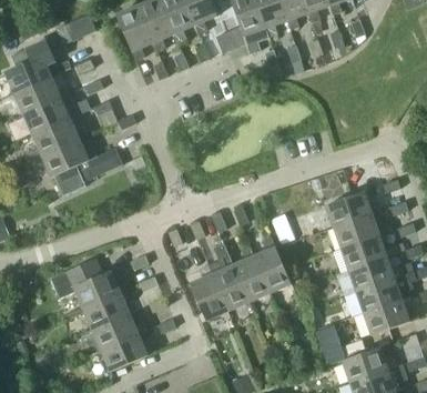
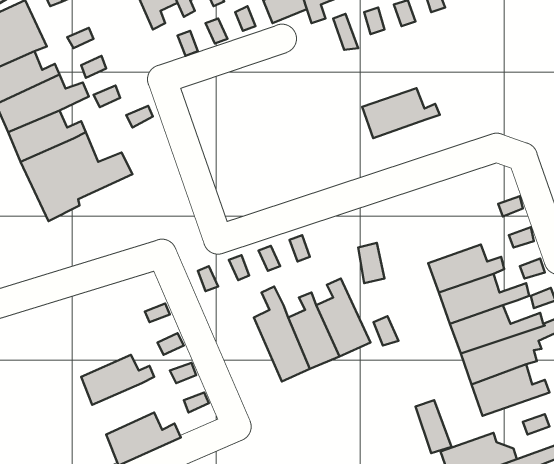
building: [323,191,378,226] -> [362,88,440,138]
building: [50,258,128,308] -> none
building: [189,265,226,321] -> none
building: [91,312,145,349] -> none

